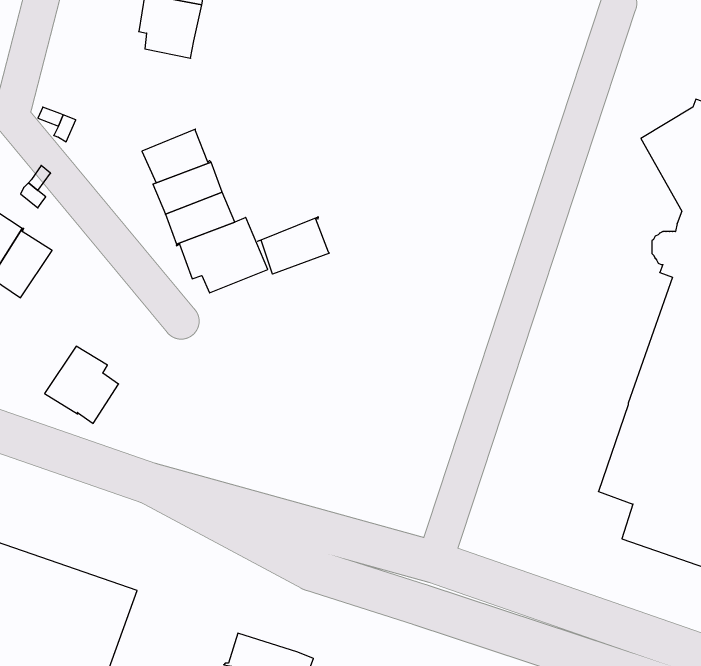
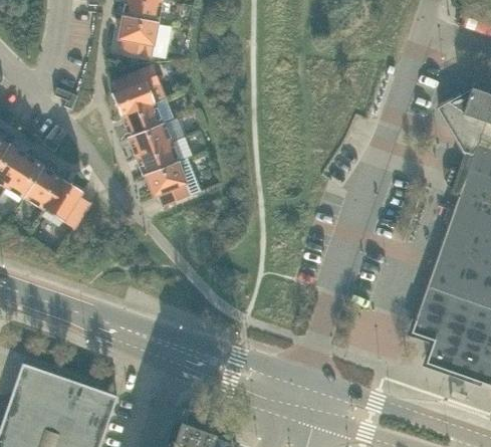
building: none -> [111,69,155,116]
building: [258,217,329,274] -> none
building: [45,346,119,423] -> [43,179,90,228]

